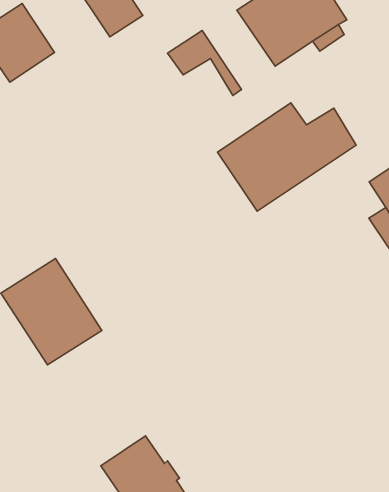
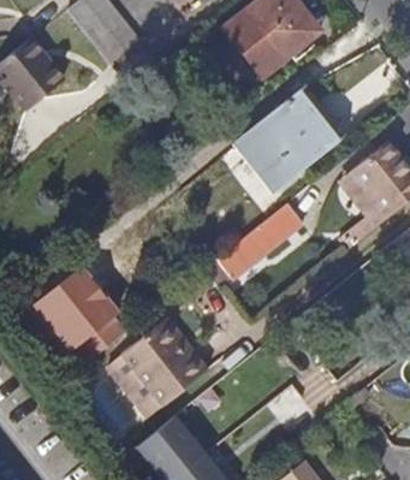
building: [168,30,242,96] -> [278,85,346,141]
building: none -> [214,207,301,283]
building: none -> [103,322,210,421]

